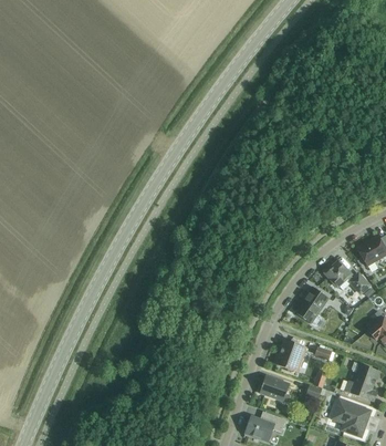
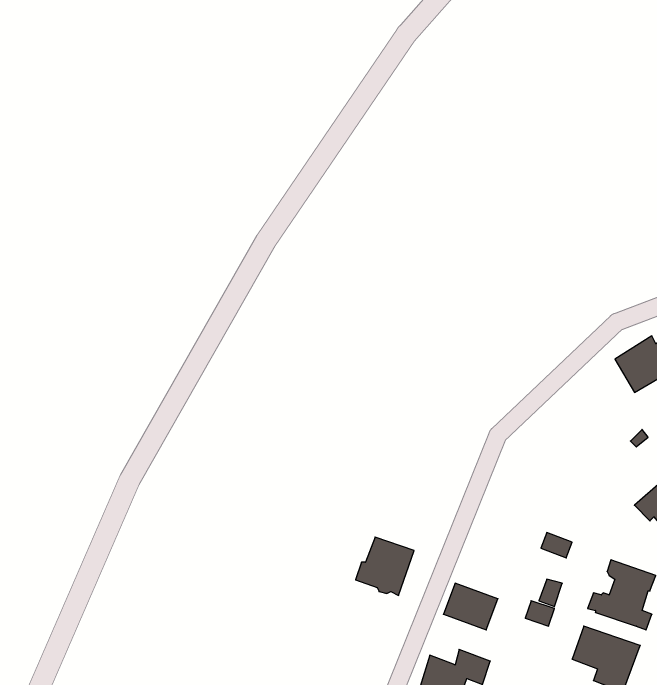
building: [326,261,369,292] -> none
building: [296,286,328,324] -> none
building: [273,339,306,372] -> [356,537,414,595]

